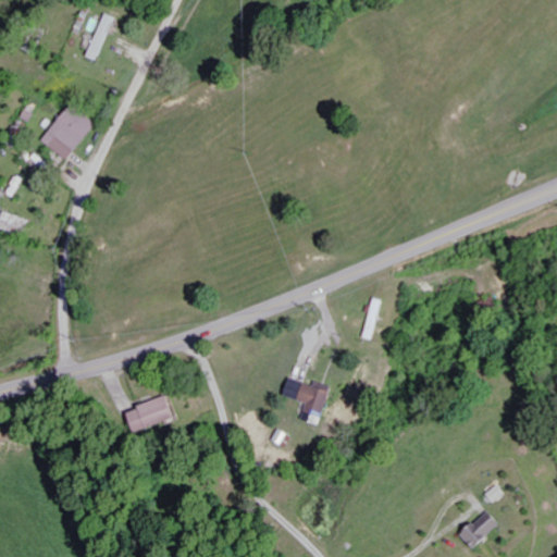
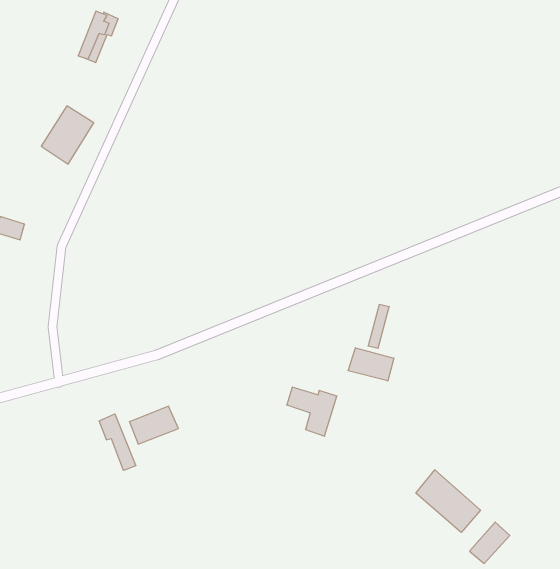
building: none -> [348,348,394,381]
building: none -> [99,414,136,470]
building: none -> [416,470,481,532]

